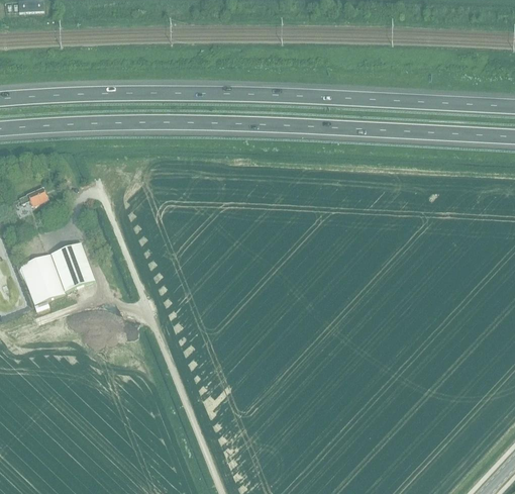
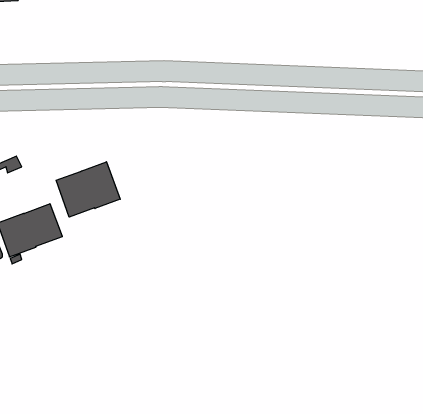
building: none -> [56,162,120,217]

